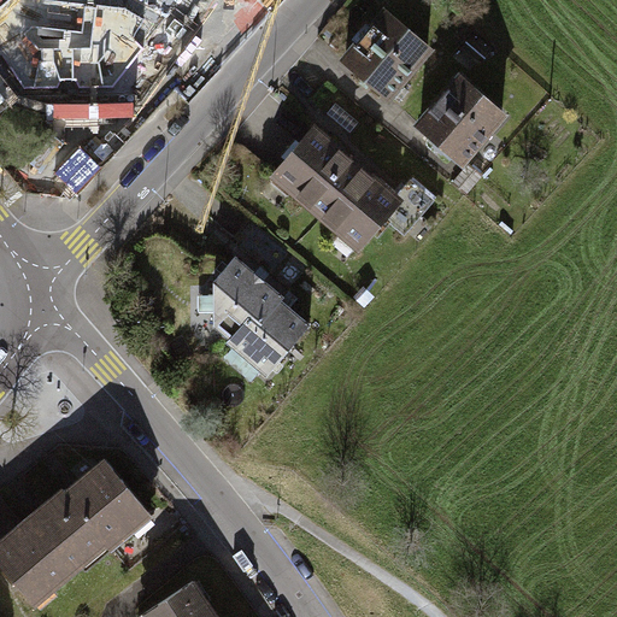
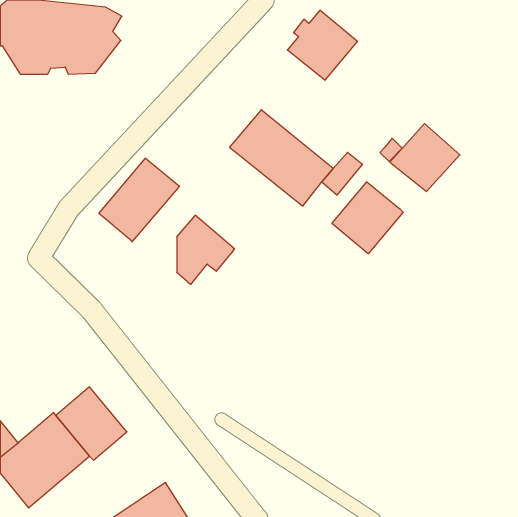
building: [417,81,500,161] -> [390,124,460,192]
building: none -> [99,158,179,242]
building: none -> [332,182,403,254]
building: [224,301,307,377] -> none

